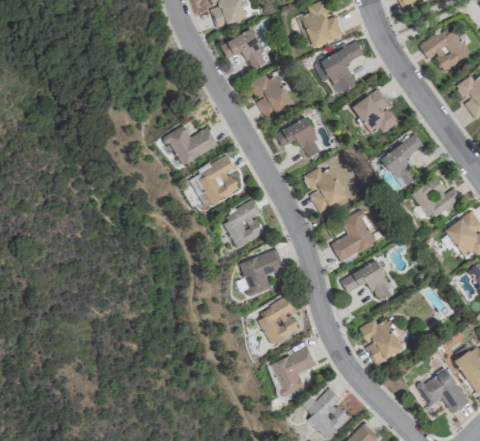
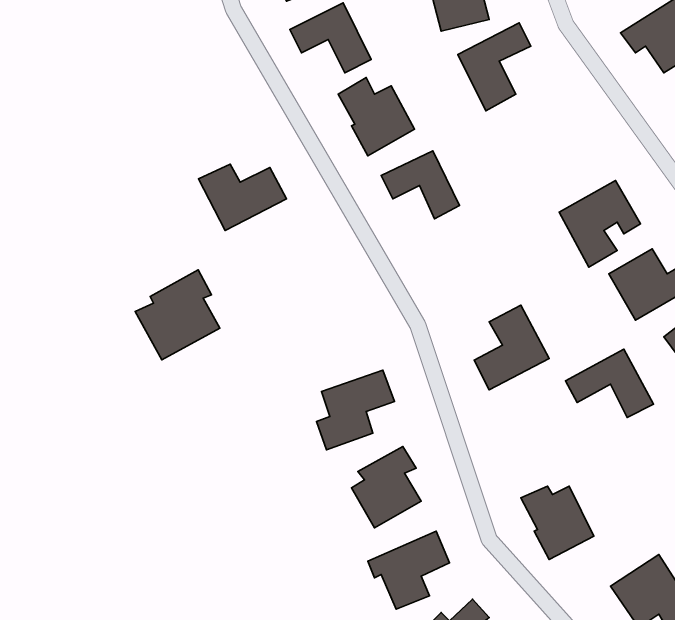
building: [353,89,400,133] -> none
building: [189,153,240,207] -> [135,270,220,360]
building: [303,167,347,212] -> none
building: [221,200,261,248] -> none
building: [341,260,394,301] -> [566,349,654,417]

